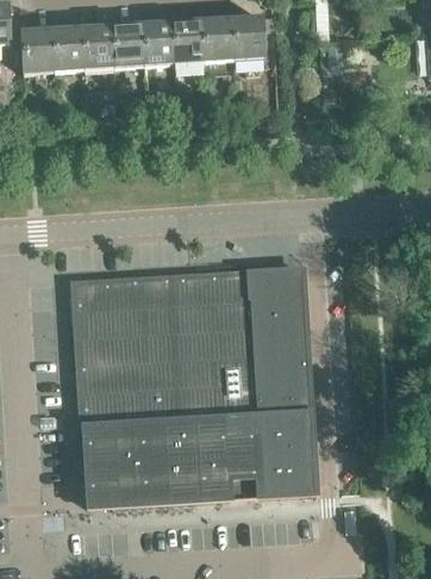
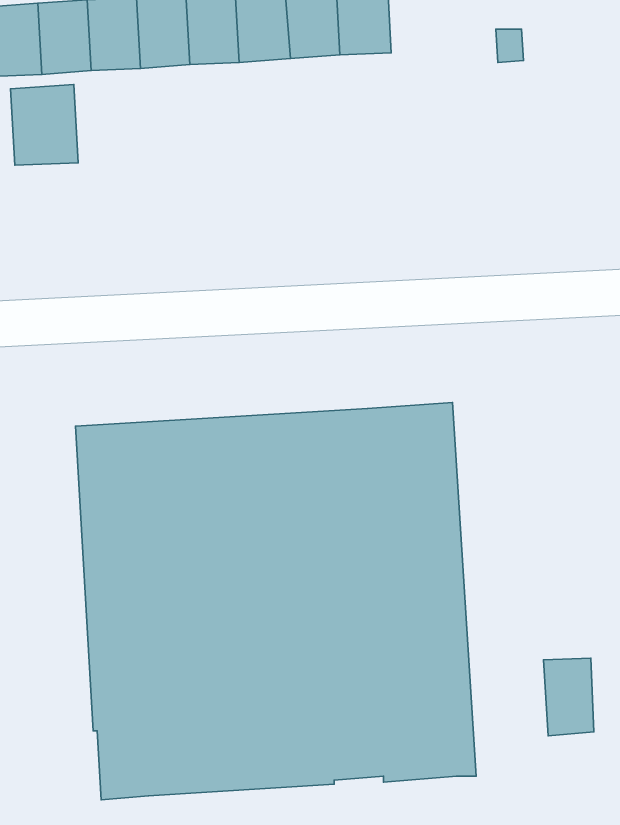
building: none -> [11,84,78,165]
building: none -> [543,658,594,736]

